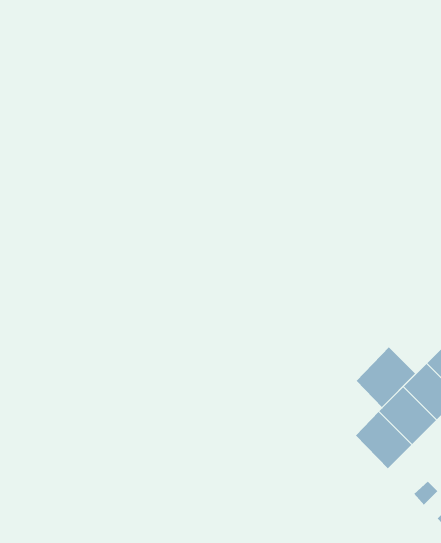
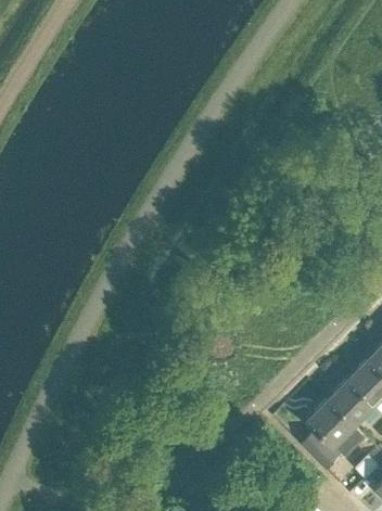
building: [356,346,416,408] -> none
building: none -> [302,431,341,470]

